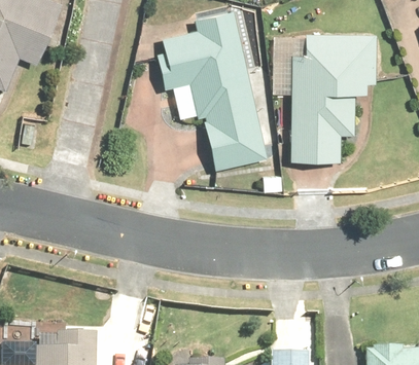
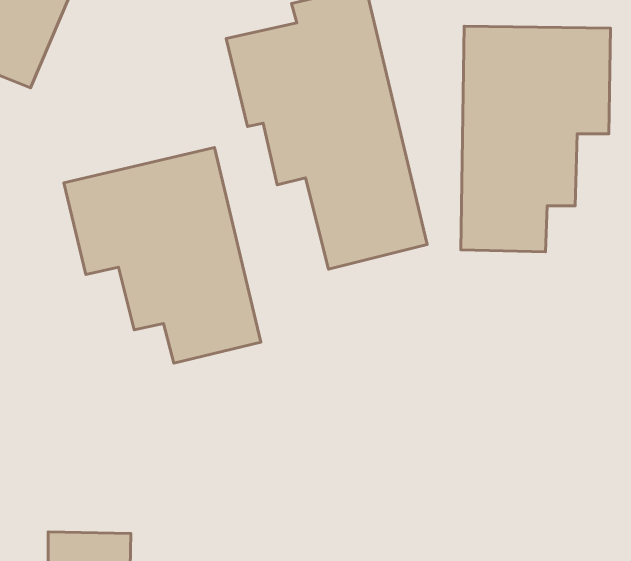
building: none -> [64,147,261,363]

